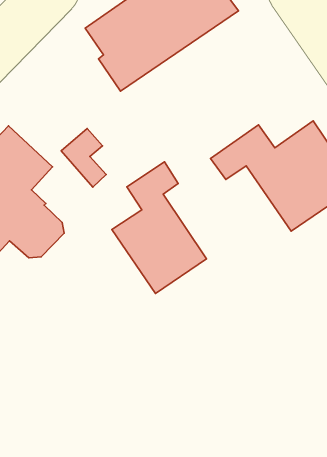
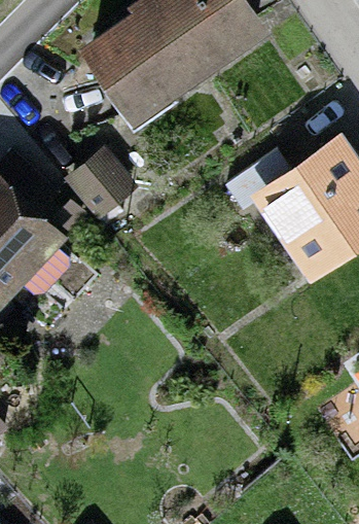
building: [112,162,206,293] -> none

